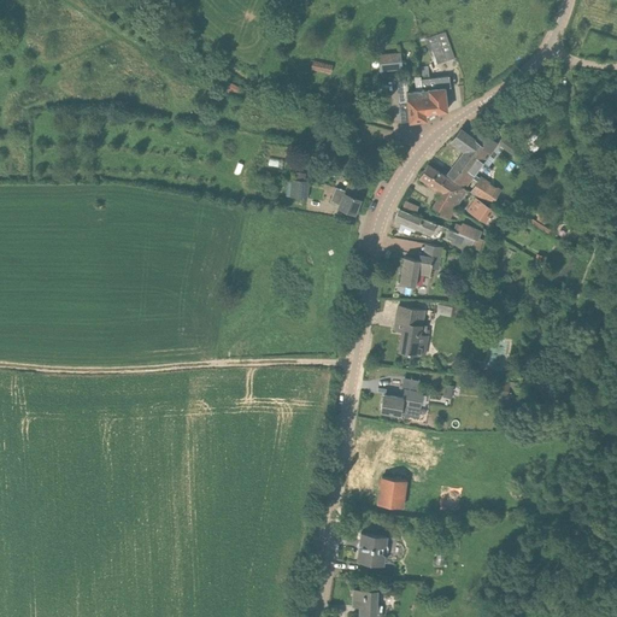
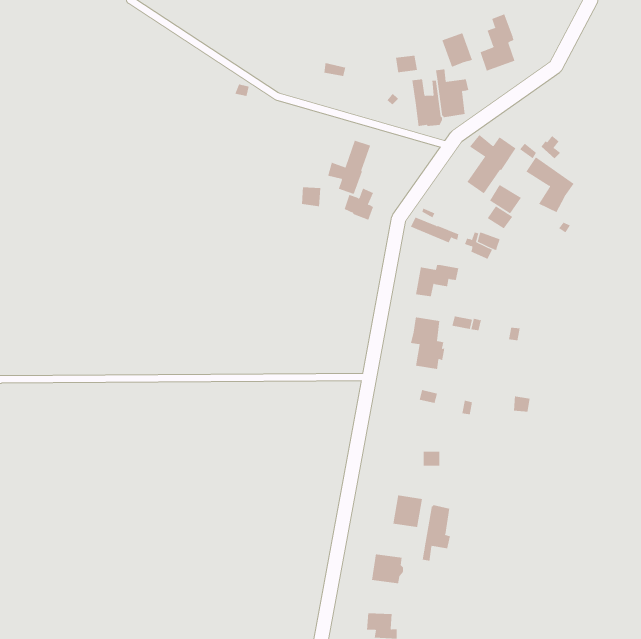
building: none -> [480,13,515,72]
building: none -> [327,140,371,195]
building: [418,165,465,219] -> [525,156,574,213]
building: [381,390,422,418] -> none
building: none -> [422,504,450,561]

